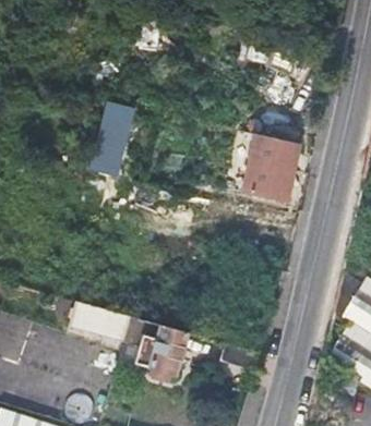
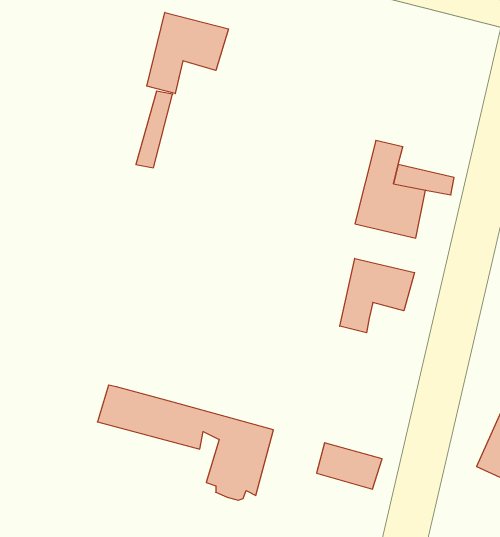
building: none -> [147,12,229,94]
building: none -> [340,258,415,333]

